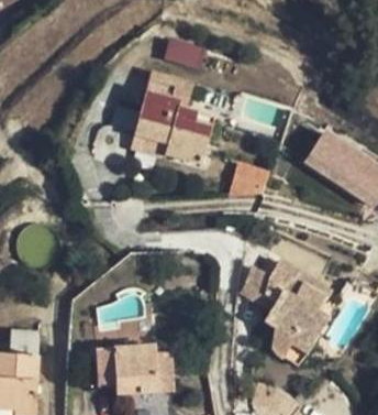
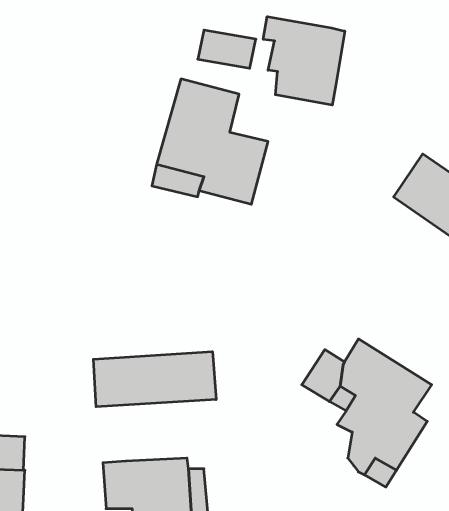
building: none -> [263,17,345,105]
building: [229,160,268,197] -> none
building: none -> [93,352,216,407]

